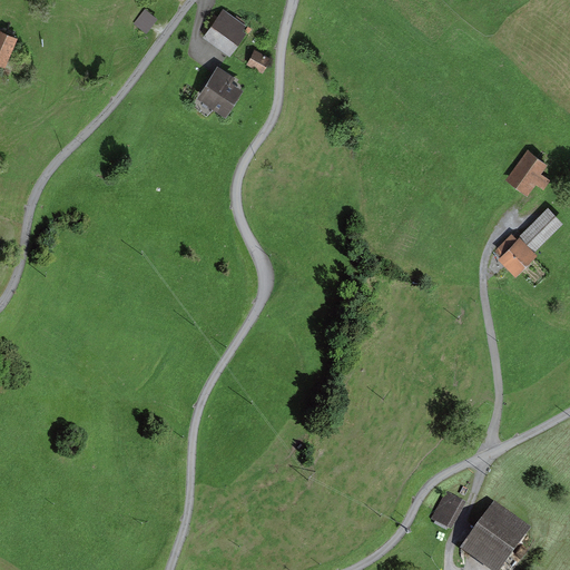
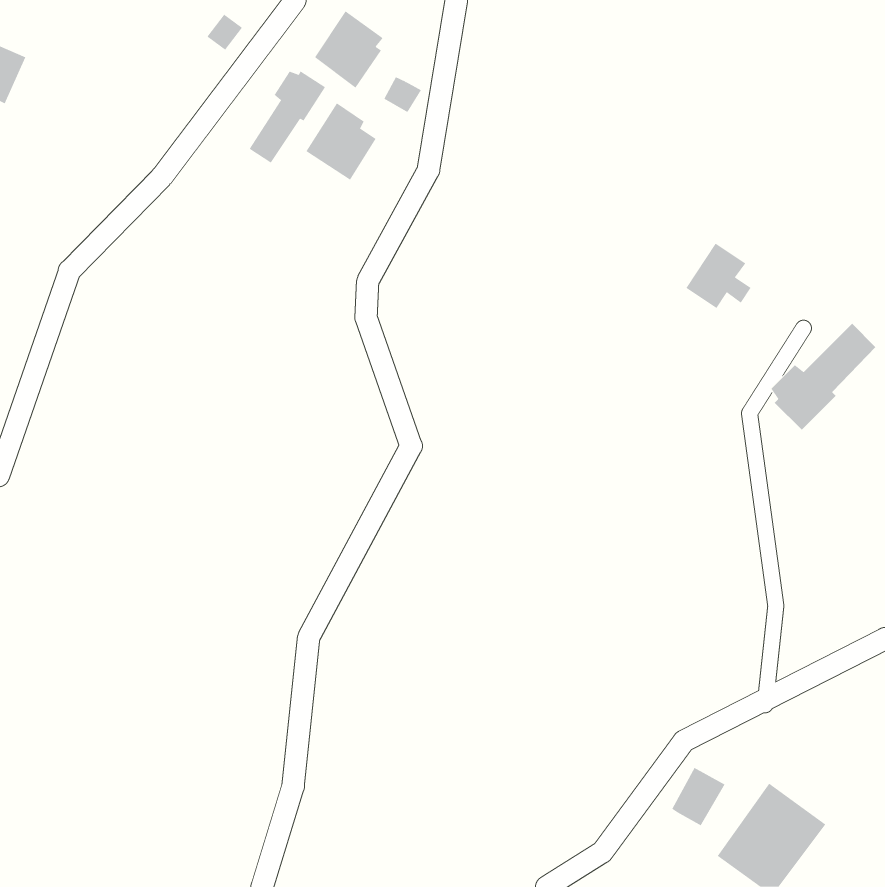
building: none -> [249,71,326,163]
building: [507,150,549,193] -> [686,243,751,309]

